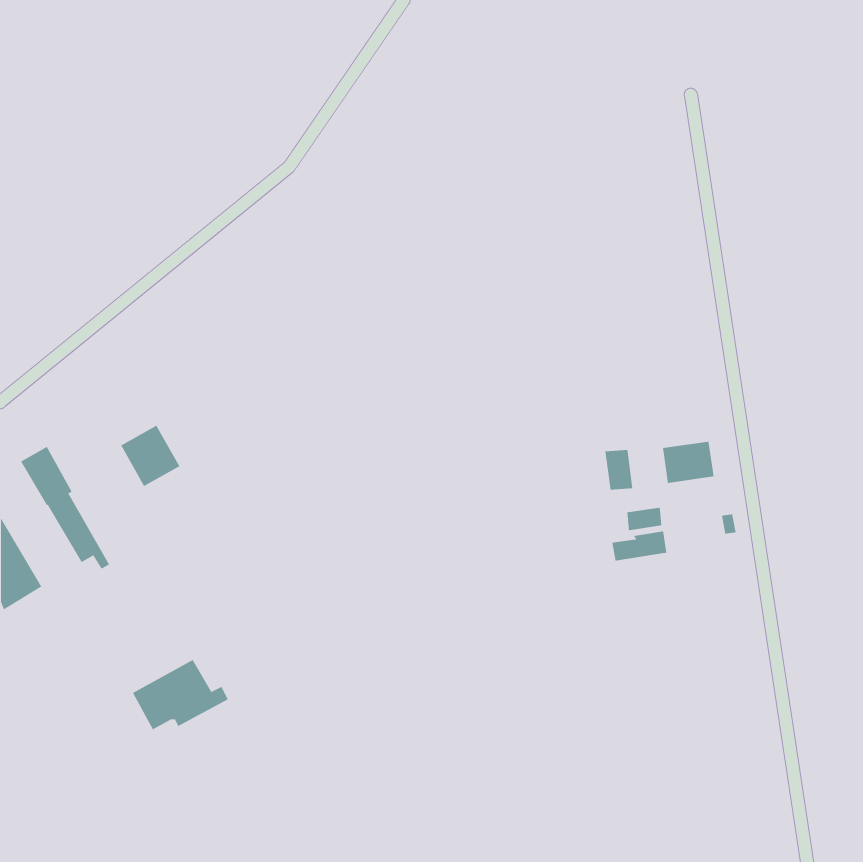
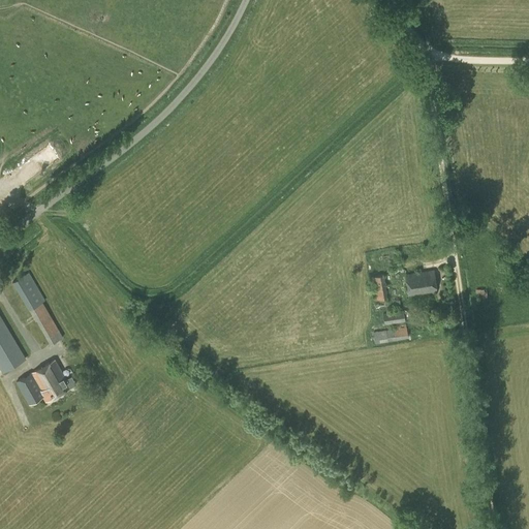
building: [120,425,180,487] -> none
building: [132,659,229,730] -> [18,361,76,404]

